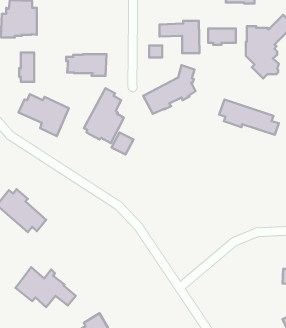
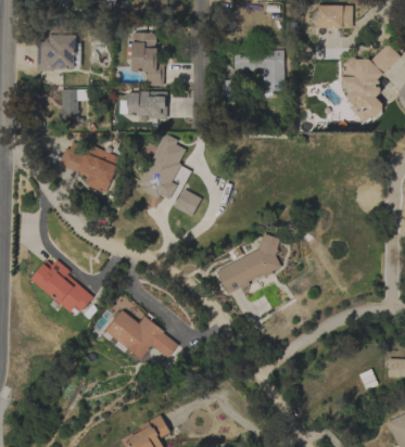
building: none -> [126,33,164,86]
building: [208,28,236,45] -> none
building: [143,65,195,114] -> [215,233,280,294]
building: [219,100,279,135] -> none
building: [16,267,76,307] -> [102,309,177,359]

